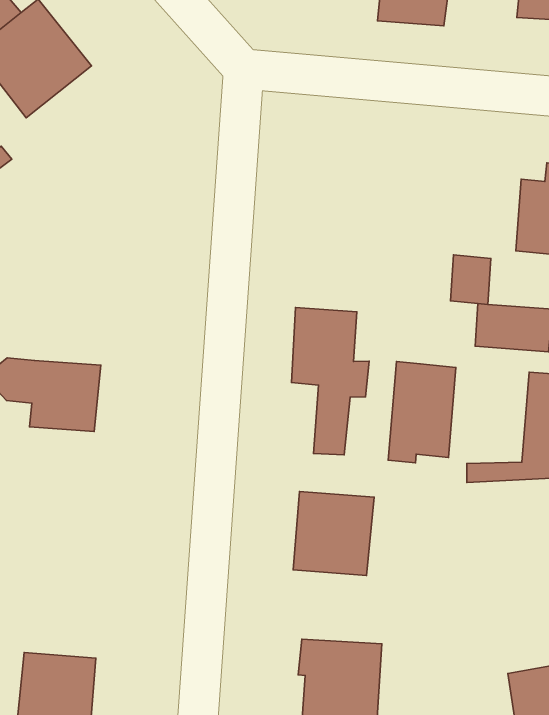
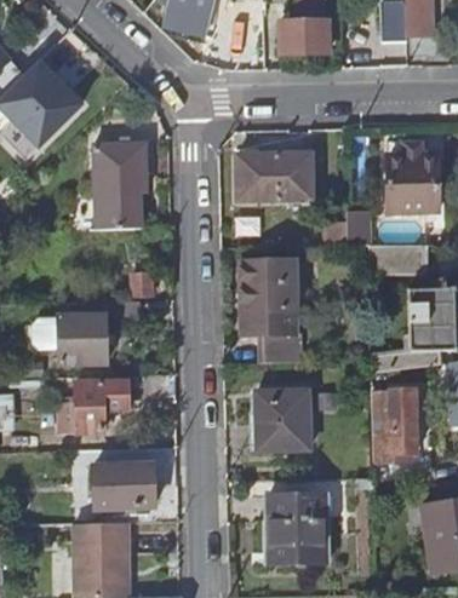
building: none -> [95,142,147,218]
building: none -> [239,150,314,197]
building: [388,361,456,463] -> [374,390,418,460]
building: none -> [64,380,130,433]
building: none -> [104,462,164,505]

